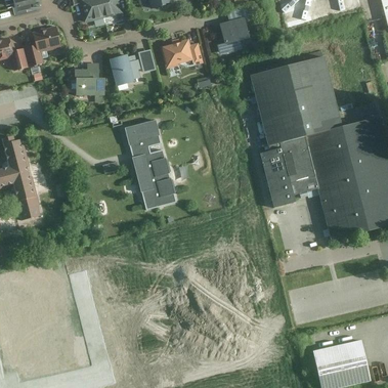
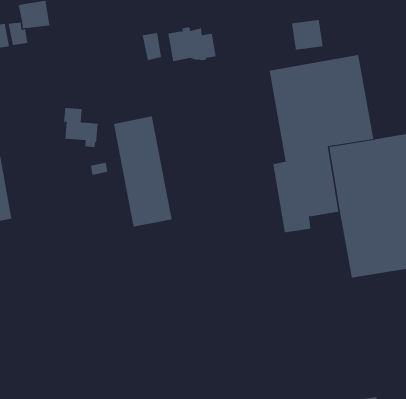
building: [222,18,251,46] -> [291,19,323,50]
building: [112,53,144,88] -> none
building: [76,71,105,102] -> [63,107,98,147]

